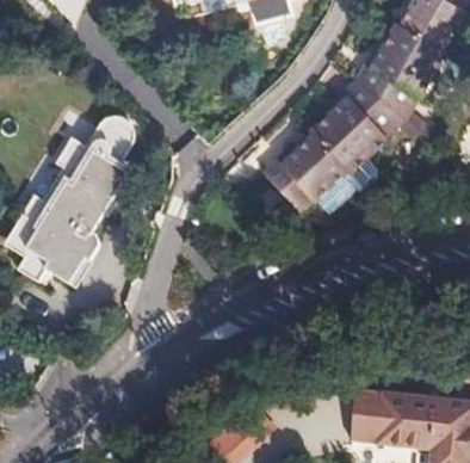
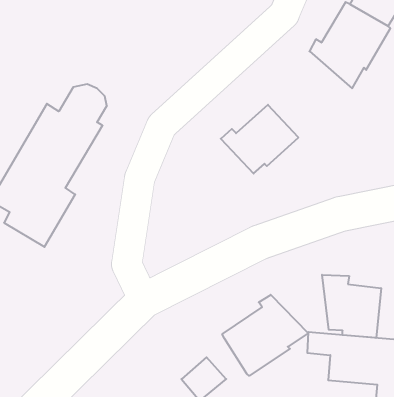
building: [303,81,398,178] -> none
building: none -> [322,275,381,338]
building: none -> [222,295,308,376]

